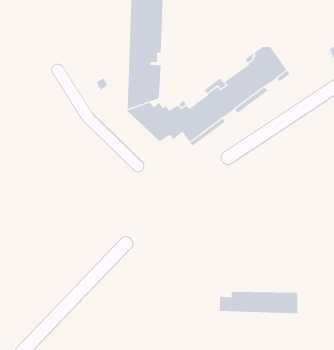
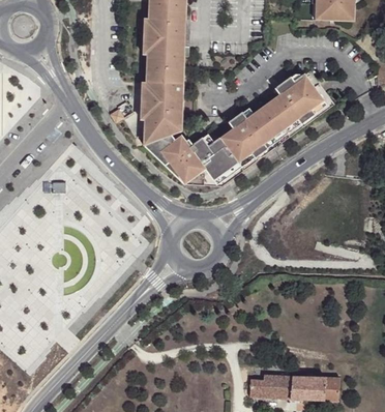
building: [219,292,298,314] -> [248,376,336,401]

